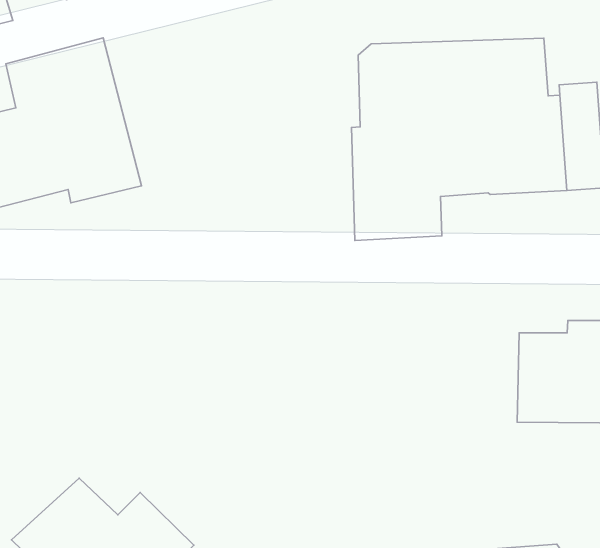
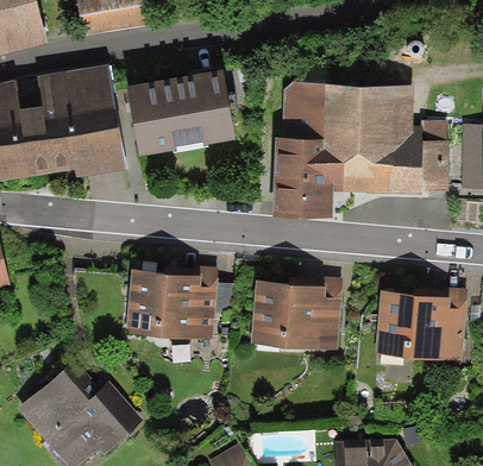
building: none -> [126,71,234,157]
building: none -> [126,263,218,339]
building: none -> [251,273,341,348]

